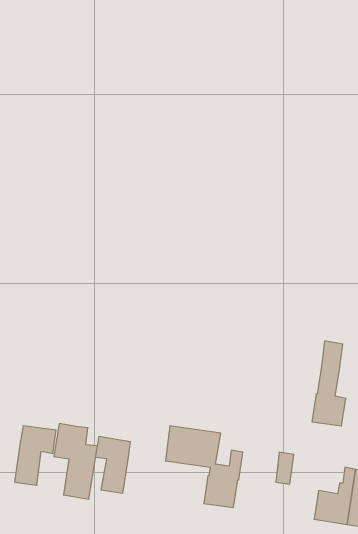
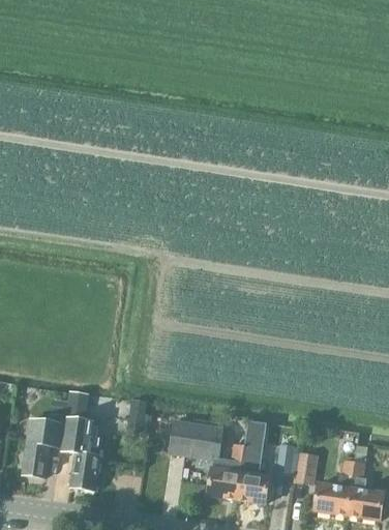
building: [312,341,346,426] -> [235,420,268,503]
building: [96,436,130,493] -> none
building: none -> [296,452,319,482]

